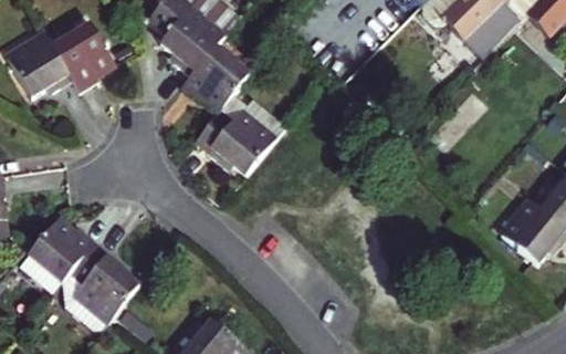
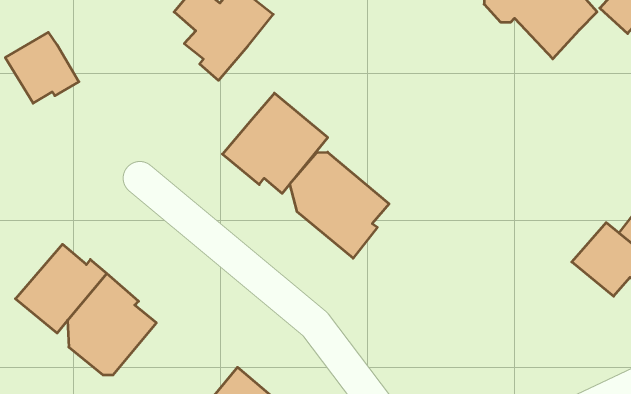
building: [52,23,113,90] -> none
building: [184,45,251,110] -> none
building: none -> [290,152,389,258]

